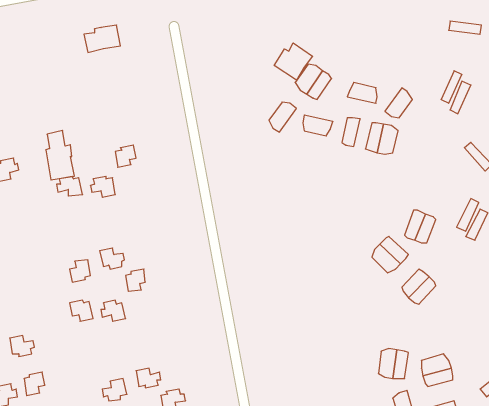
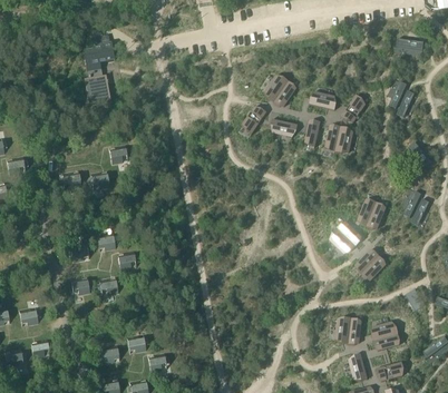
building: [274,43,313,80] -> none
building: [46,130,74,180] -> [86,62,110,105]

